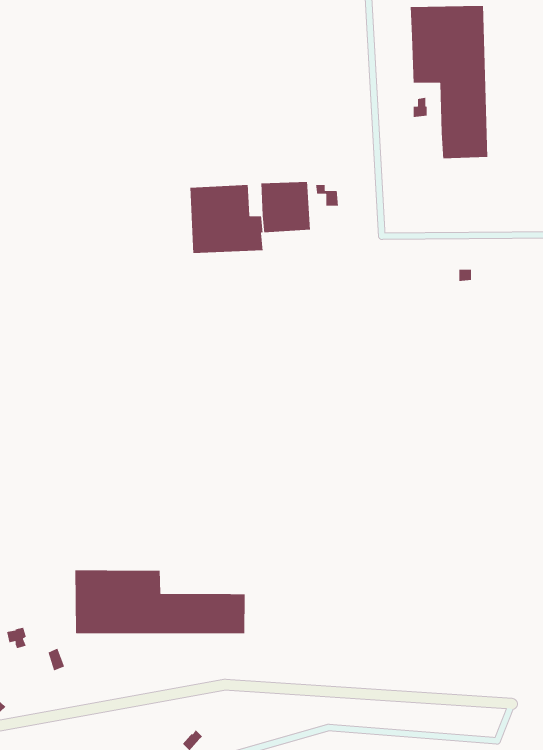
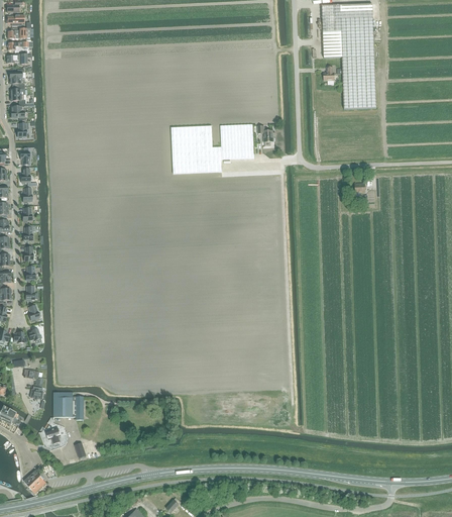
building: [75,569,245,634] -> none
building: none -> [53,392,84,420]

